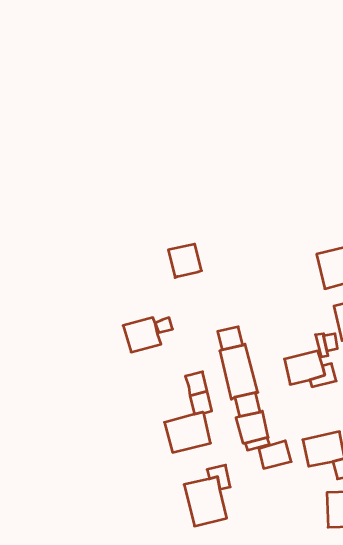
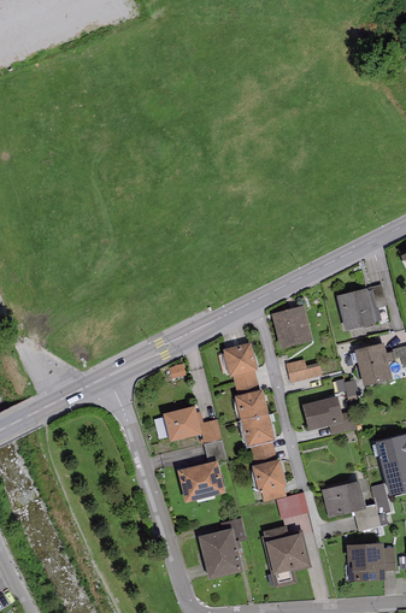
building: [168,244,202,278] -> [223,342,258,377]
building: none -> [271,305,313,348]
building: none -> [286,358,322,382]
building: [123,318,161,352] -> [163,406,202,442]
building: none -> [261,525,312,588]

